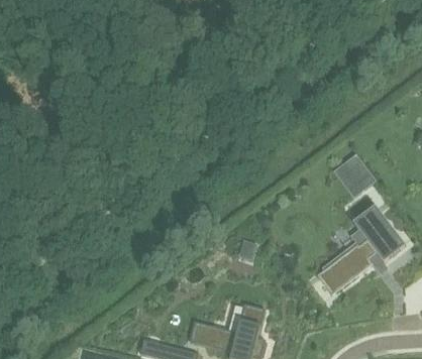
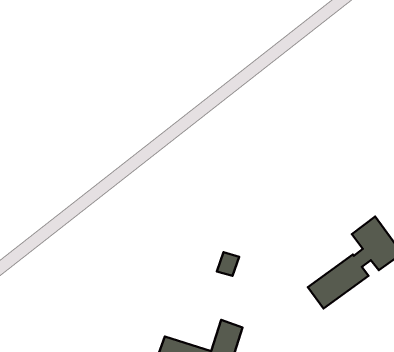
building: [339,154,377,192] -> none

